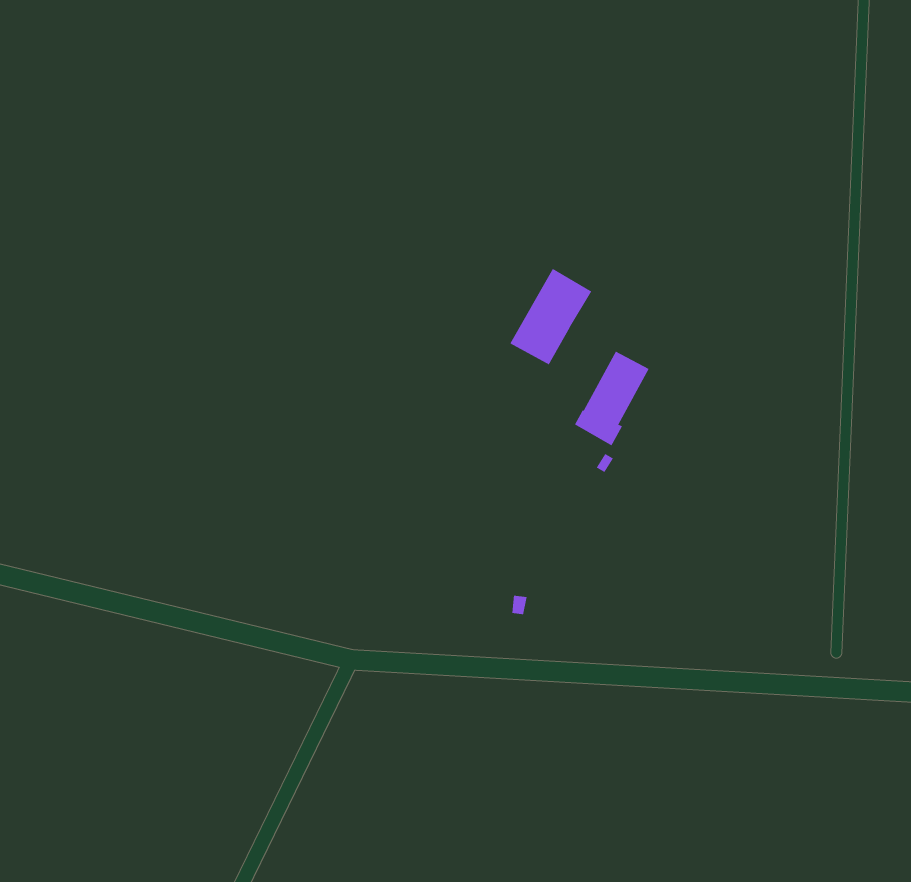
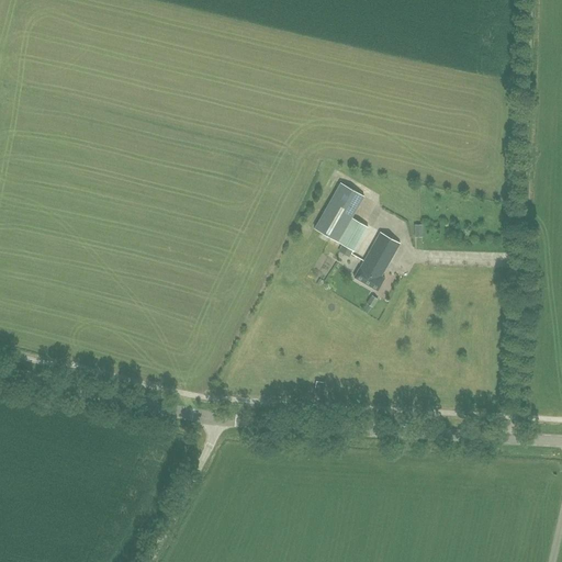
building: none -> [338,217,368,250]

